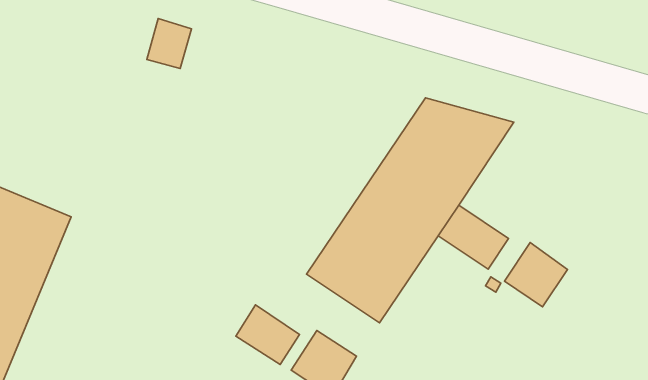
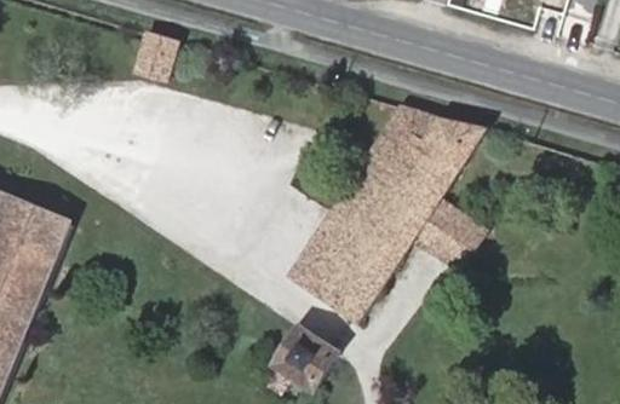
building: [505,242,568,307] -> none
building: [236,305,300,365] -> none

